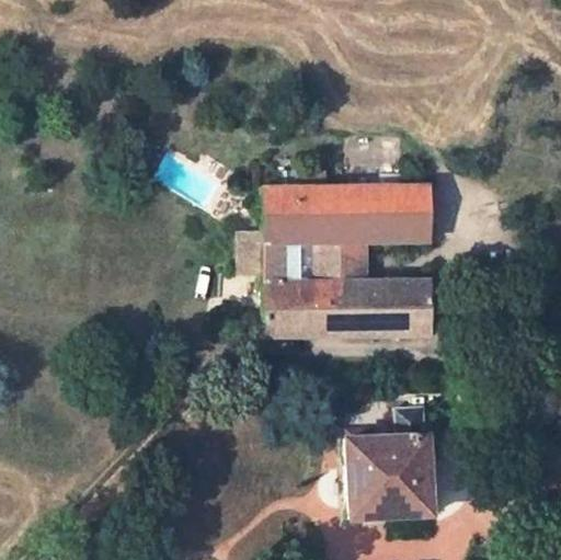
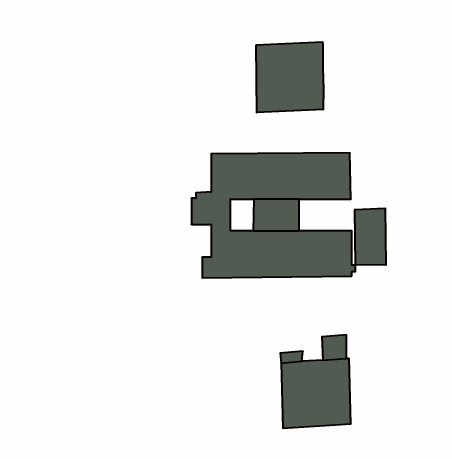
building: none -> [256,42,323,113]
building: none -> [355,208,386,265]

